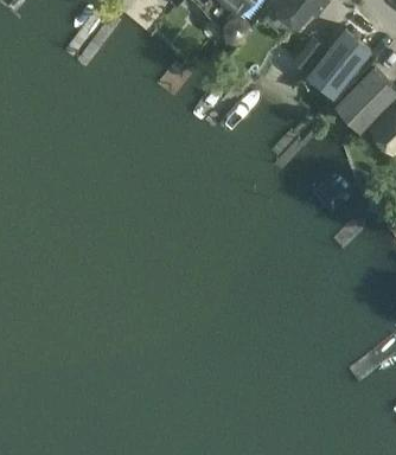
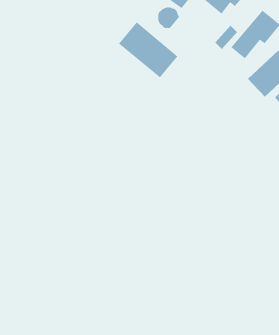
building: none -> [118,22,178,78]

